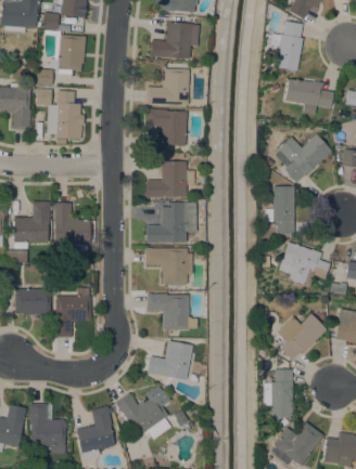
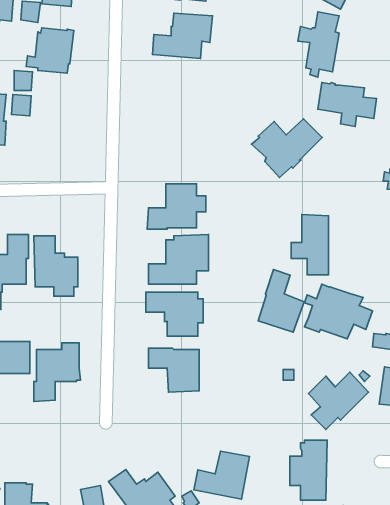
building: [147,68,190,104] -> none
building: [48,90,85,139] -> none
building: [147,108,187,145] -> none
building: [274,134,331,182] -> [251,119,322,177]
building: none -> [258,270,304,332]
building: [148,340,193,379] -> [194,451,250,499]

